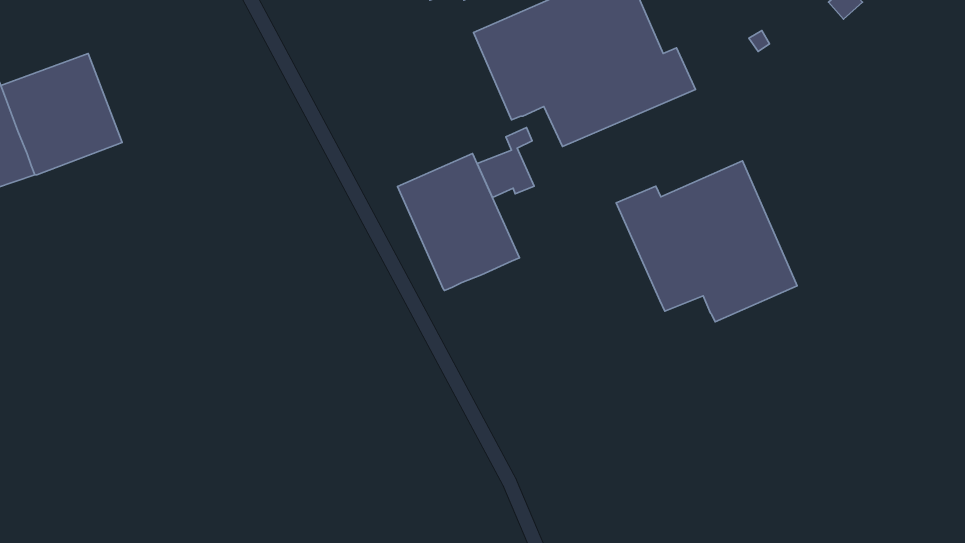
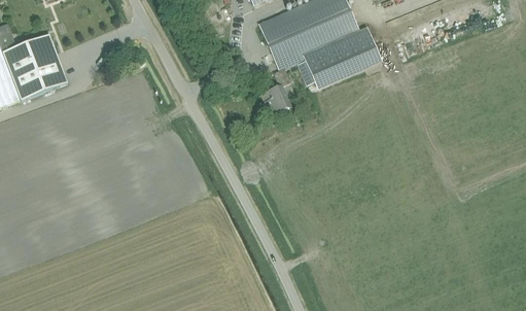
building: [397,154,520,291] -> none
building: [616,161,797,322] -> none

